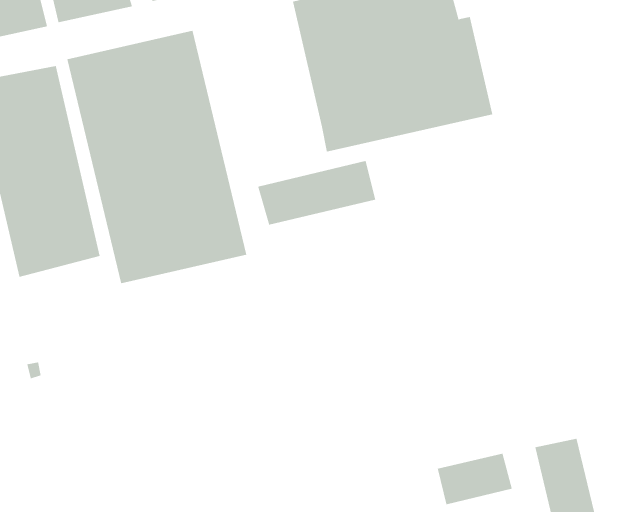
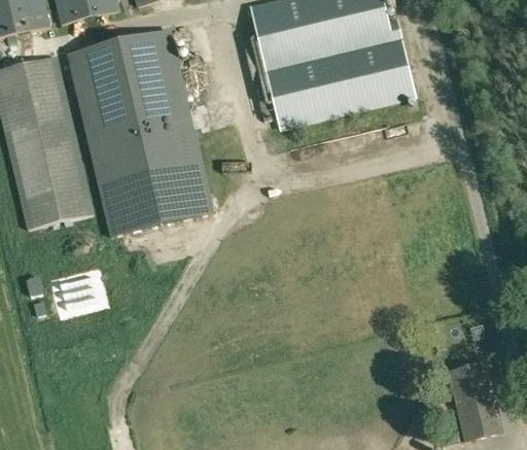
building: [257,160,376,226] -> none
building: [437,453,512,505] -> none

